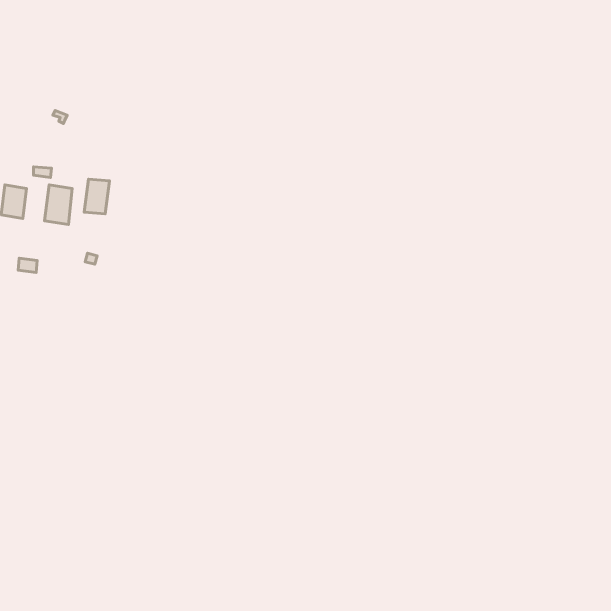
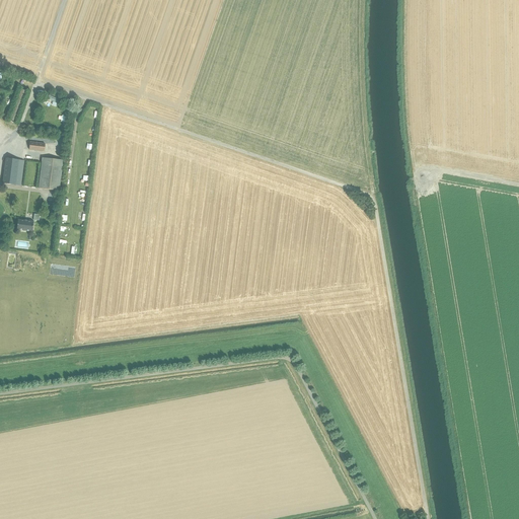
building: [84,179,109,214] -> none

